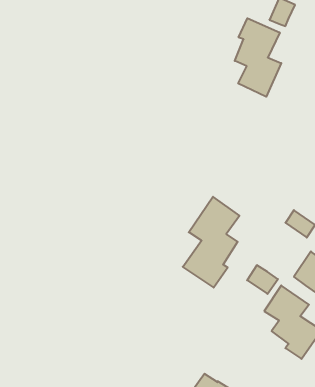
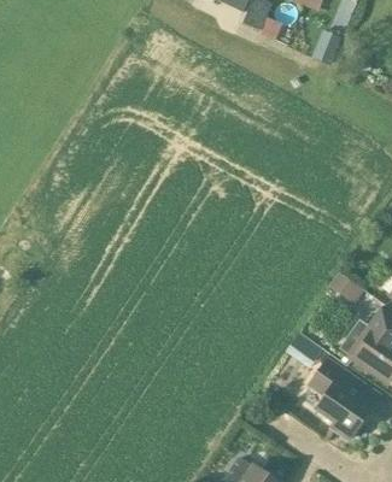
building: [235,18,281,97] -> none
building: [183,197,239,288] -> none

